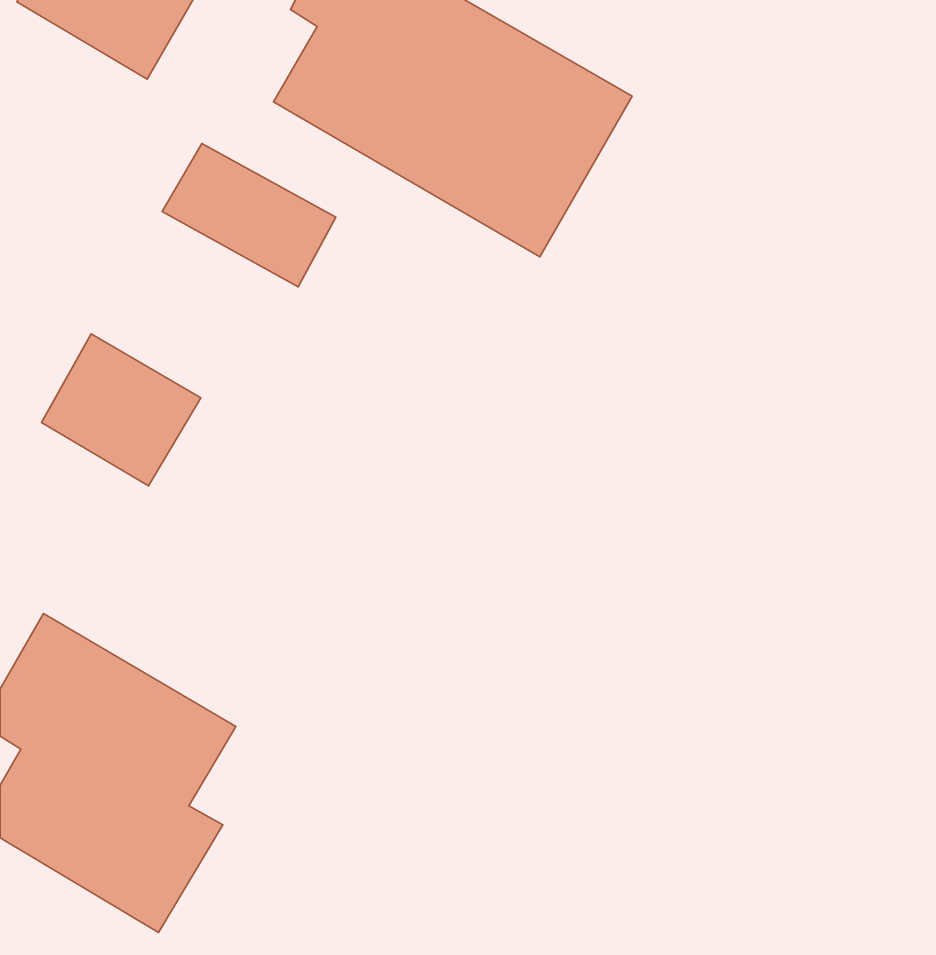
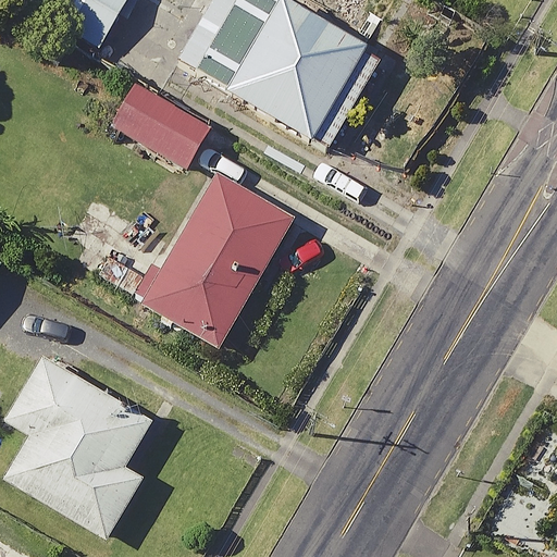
building: none -> [144,176,292,345]
building: [41,334,201,486] -> none

